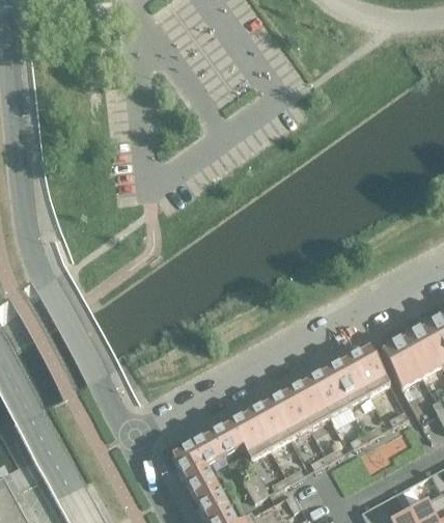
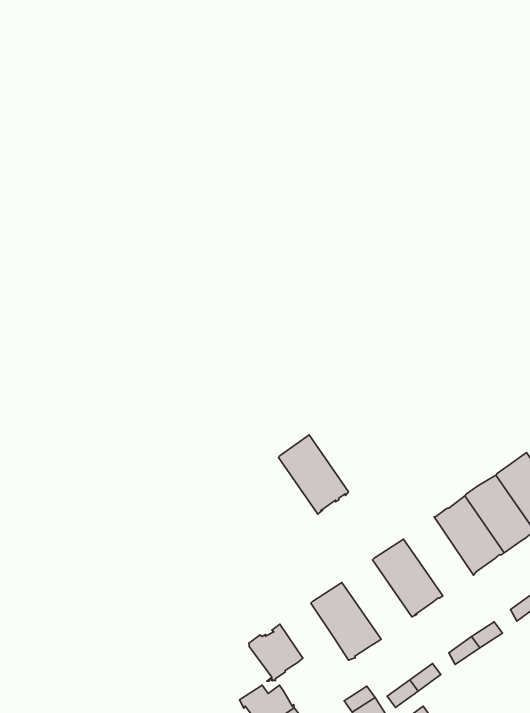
building: [290,378,330,425] -> none
building: [251,400,290,447] -> [279,435,349,514]
building: [212,421,243,453] -> none
building: [171,443,207,474] -> none

